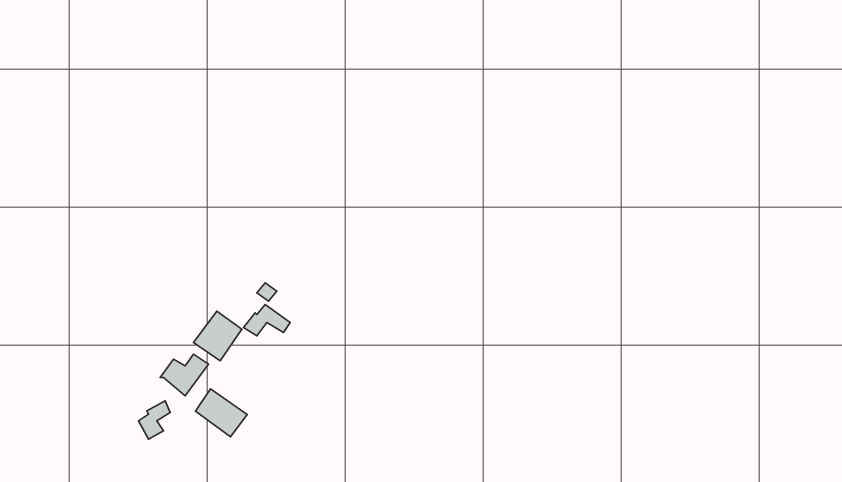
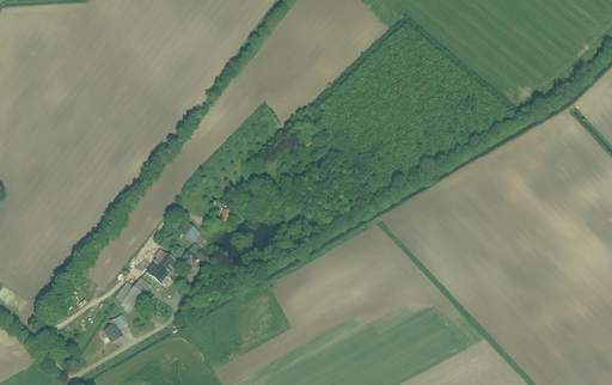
building: [195,389,247,437] -> none

